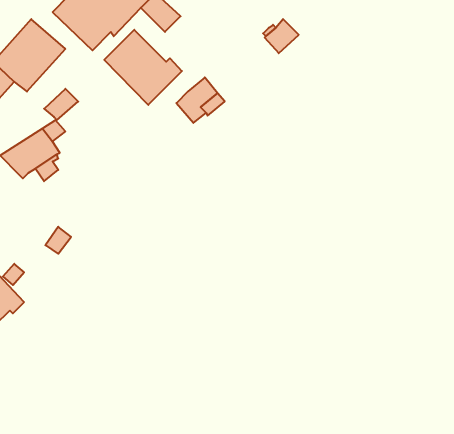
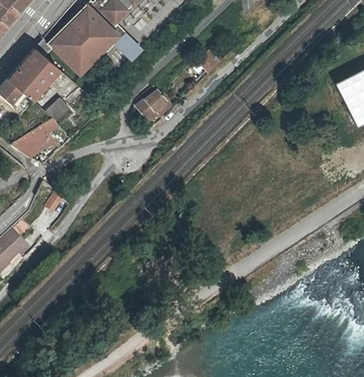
building: [104,30,182,105] -> none

